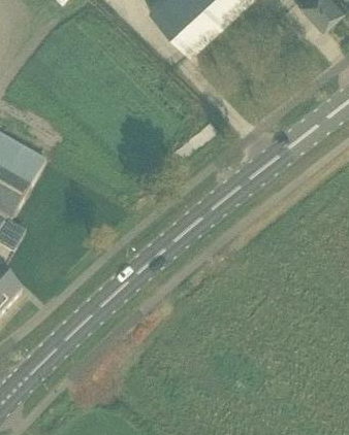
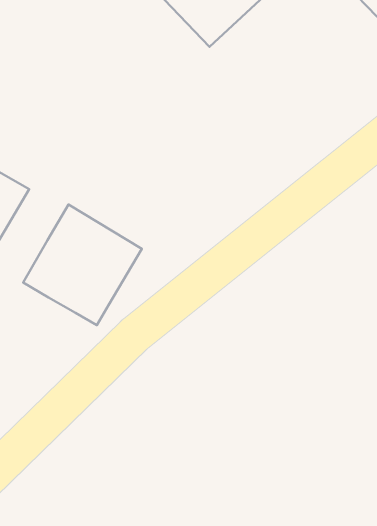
building: none -> [23,204,142,325]

